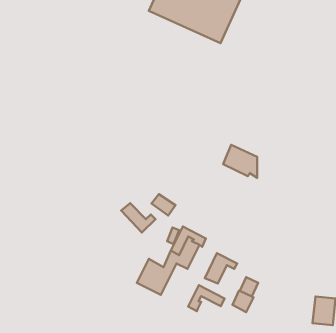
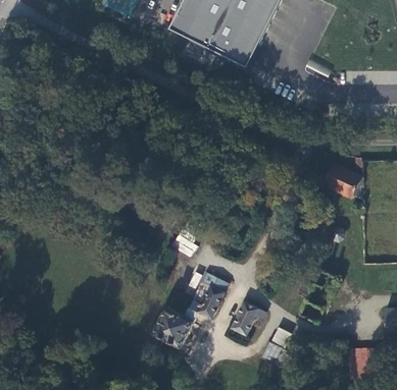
building: [223,145,257,178] -> [324,164,361,201]
building: [121,203,156,233] -> none
building: [188,285,224,311] -> none

